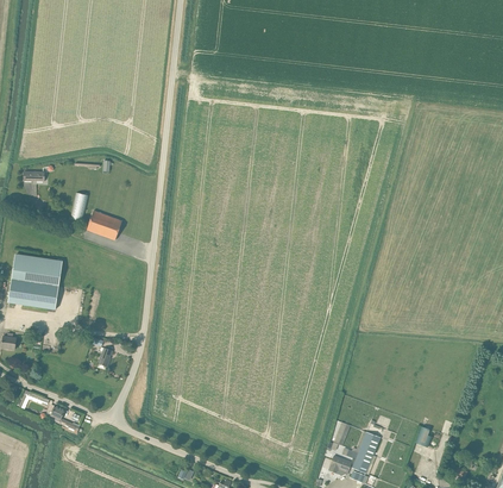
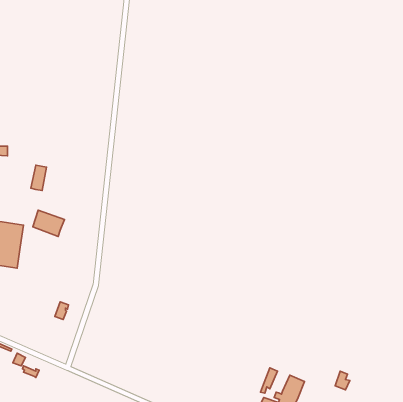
building: [88,209,124,239] -> [33,210,64,236]

